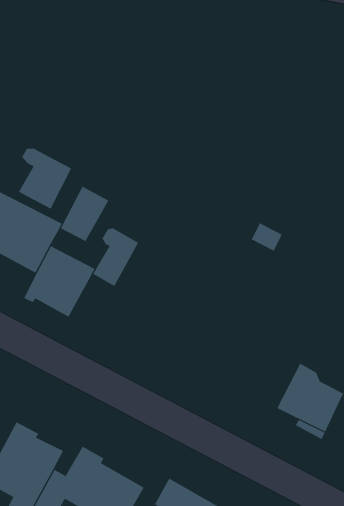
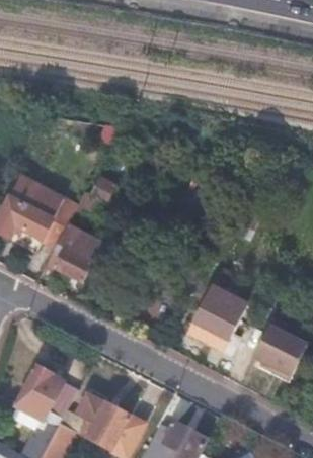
building: [18,148,72,210] -> none
building: [93,228,139,287] -> none
building: none -> [187,287,246,349]

